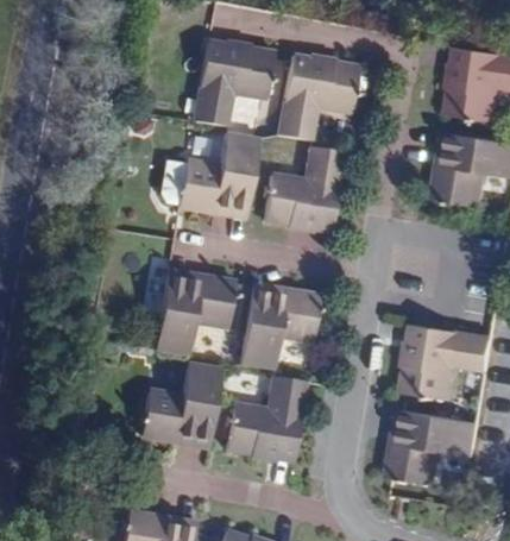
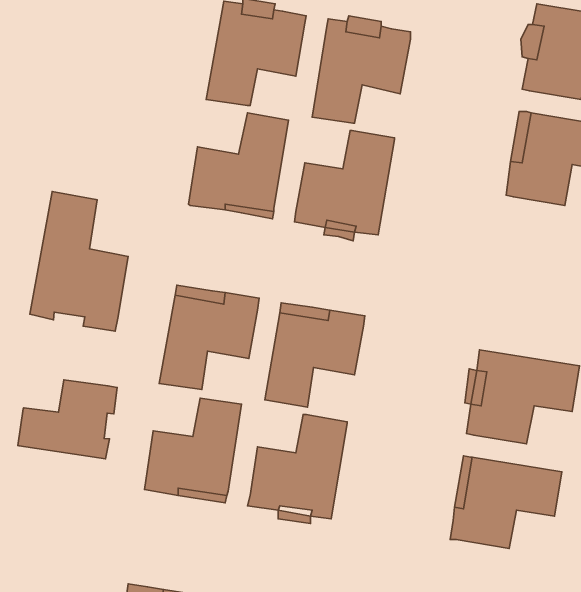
building: none -> [30,192,128,331]
building: none -> [18,380,117,459]

